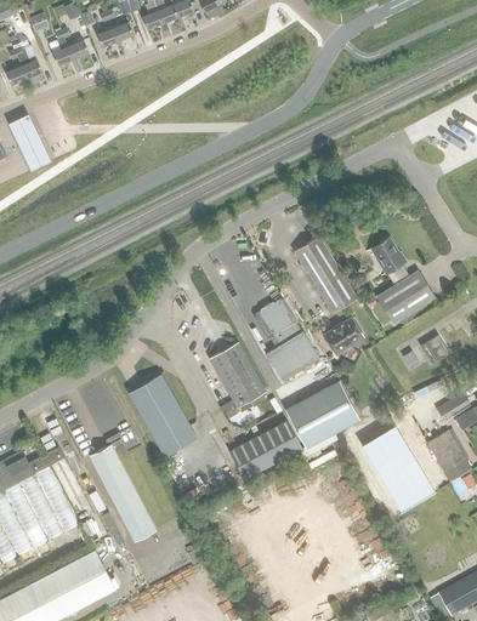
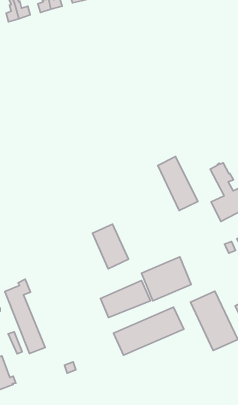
building: [254,298,319,381] -> none
building: [324,318,362,353] -> none
building: [129,374,197,456] -> none
building: none -> [113,307,184,355]

